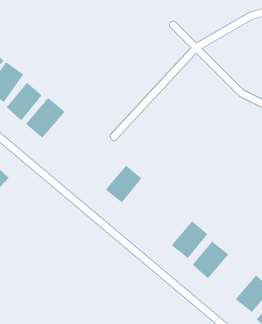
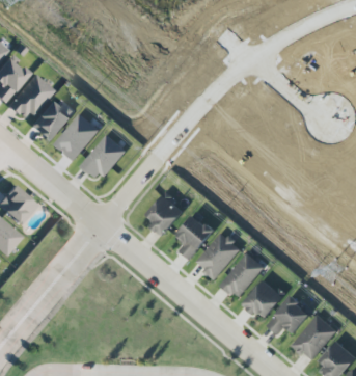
building: none -> [80,134,126,181]
building: none -> [170,213,213,257]
building: none -> [196,234,239,278]
building: none -> [270,296,311,340]

